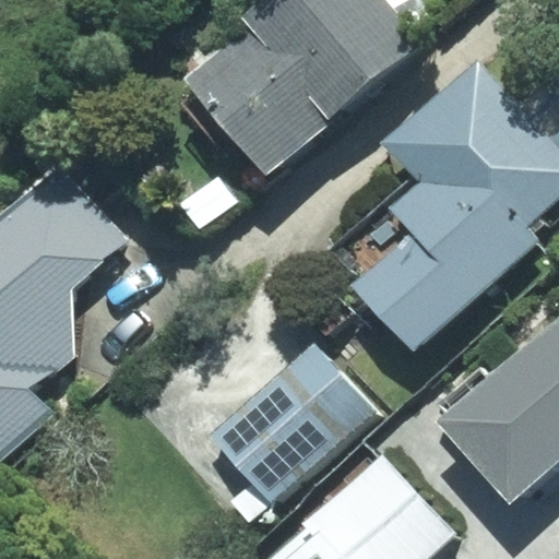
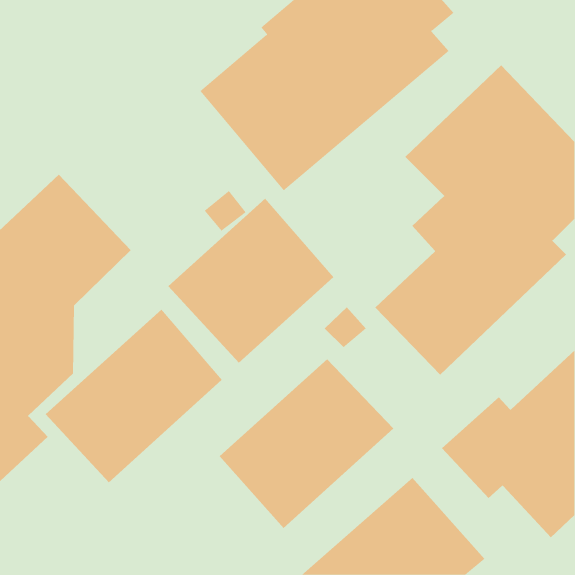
building: none -> [168,198,334,364]
building: none -> [45,309,223,483]

